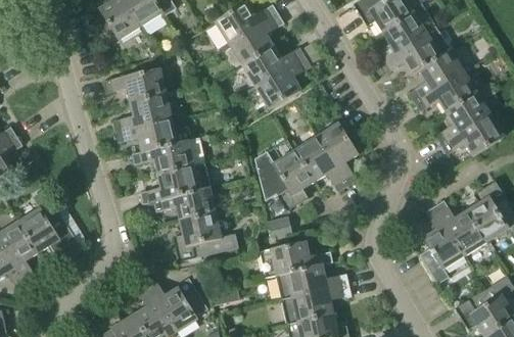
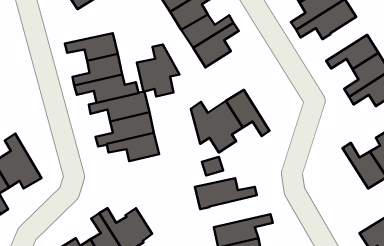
building: [409,50,464,102] -> none
building: none -> [137,45,180,96]
building: [317,124,359,186] -> none
building: [419,206,465,284] -> none
building: [173,213,238,261] -> none
building: [276,264,348,300] -> none

